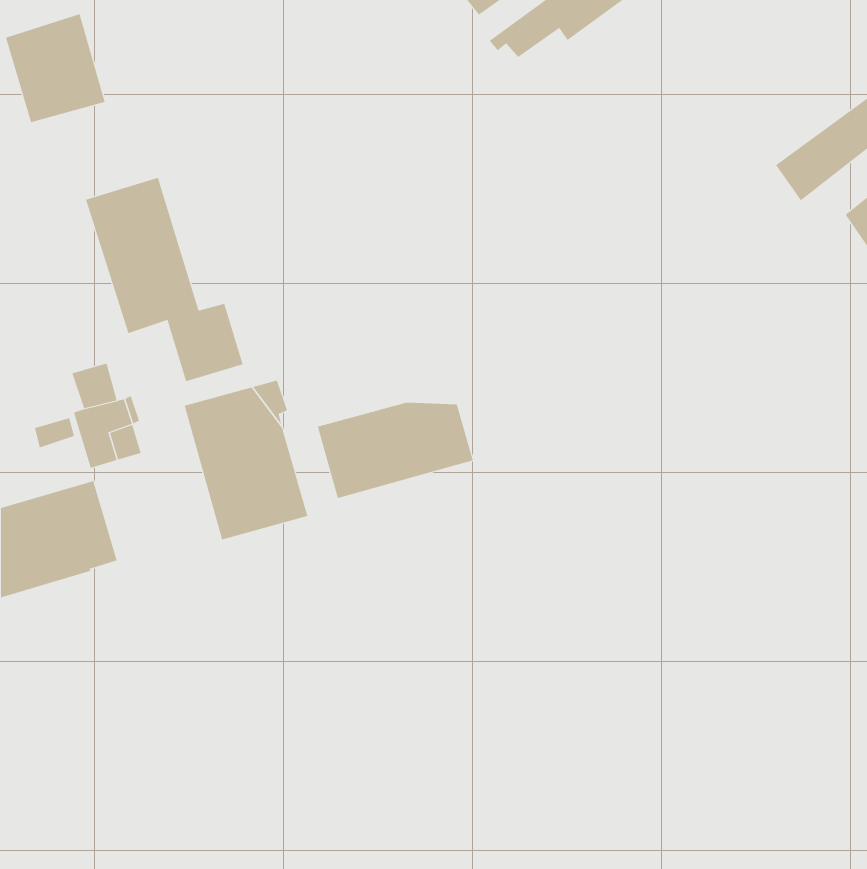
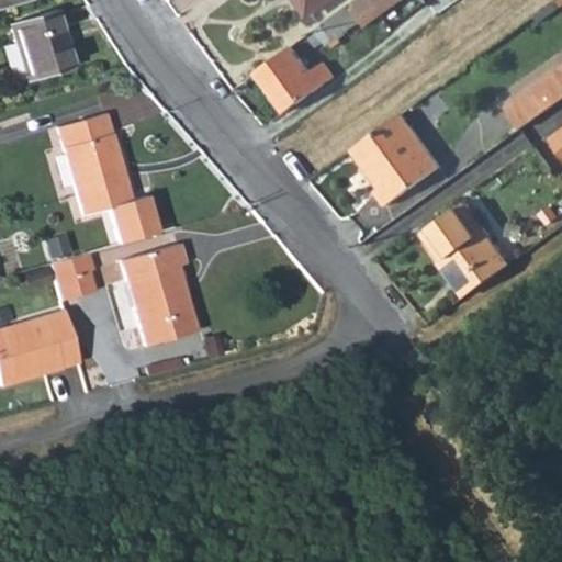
building: none -> [258,44,336,109]
building: none -> [353,113,439,205]
building: none -> [420,202,508,295]
building: [317,402,473,499] -> none

